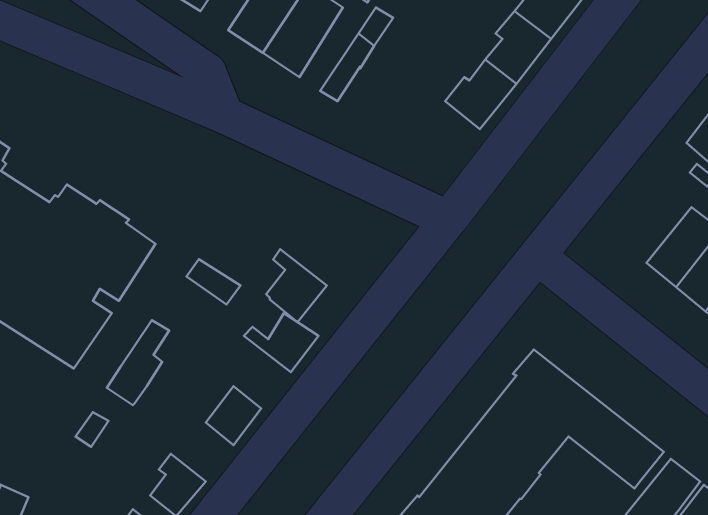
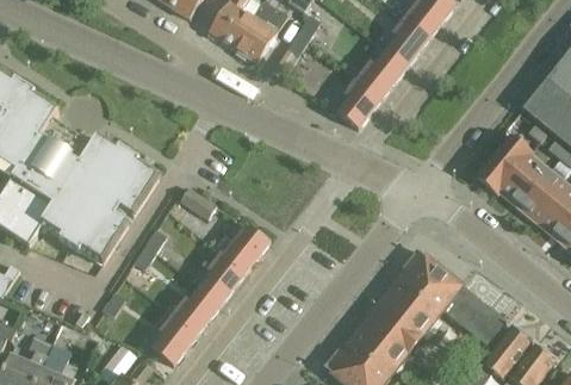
building: none -> [336,79,380,128]
building: none -> [471,132,527,191]
building: [266,249,327,322] -> [209,240,250,290]
building: none -> [168,299,211,340]

